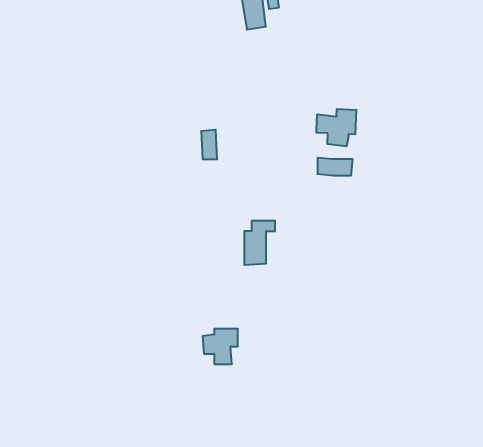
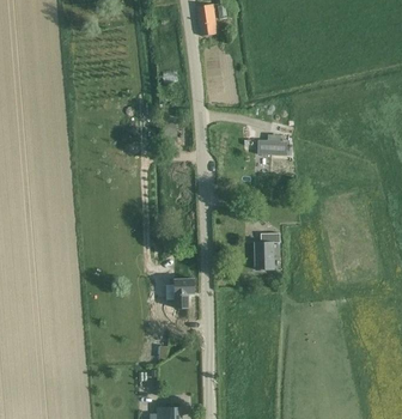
building: [317,109,356,146] -> none
building: [244,221,275,265] -> [255,233,280,269]

